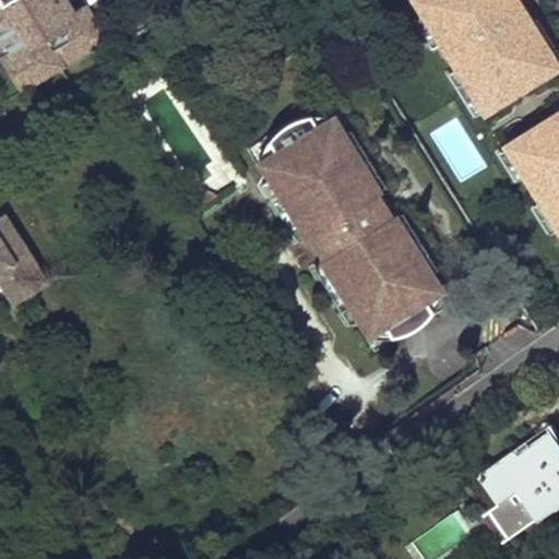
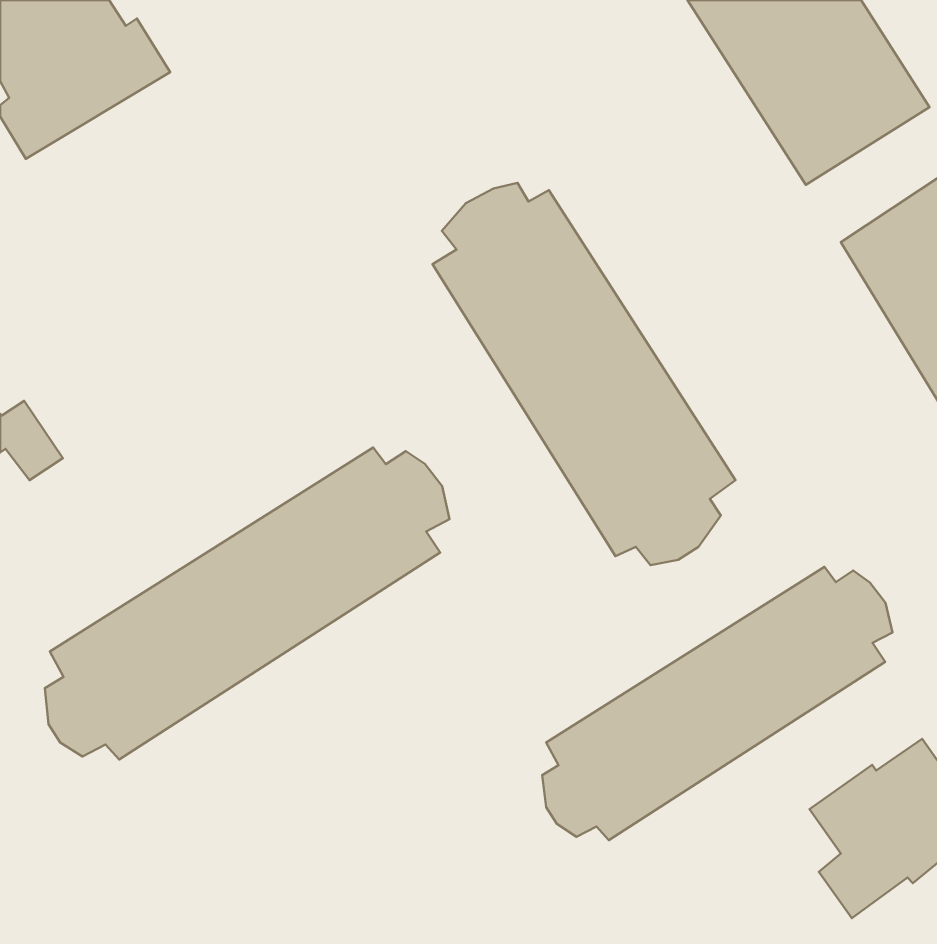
building: none -> [45,448,449,759]
building: none -> [542,567,893,840]

